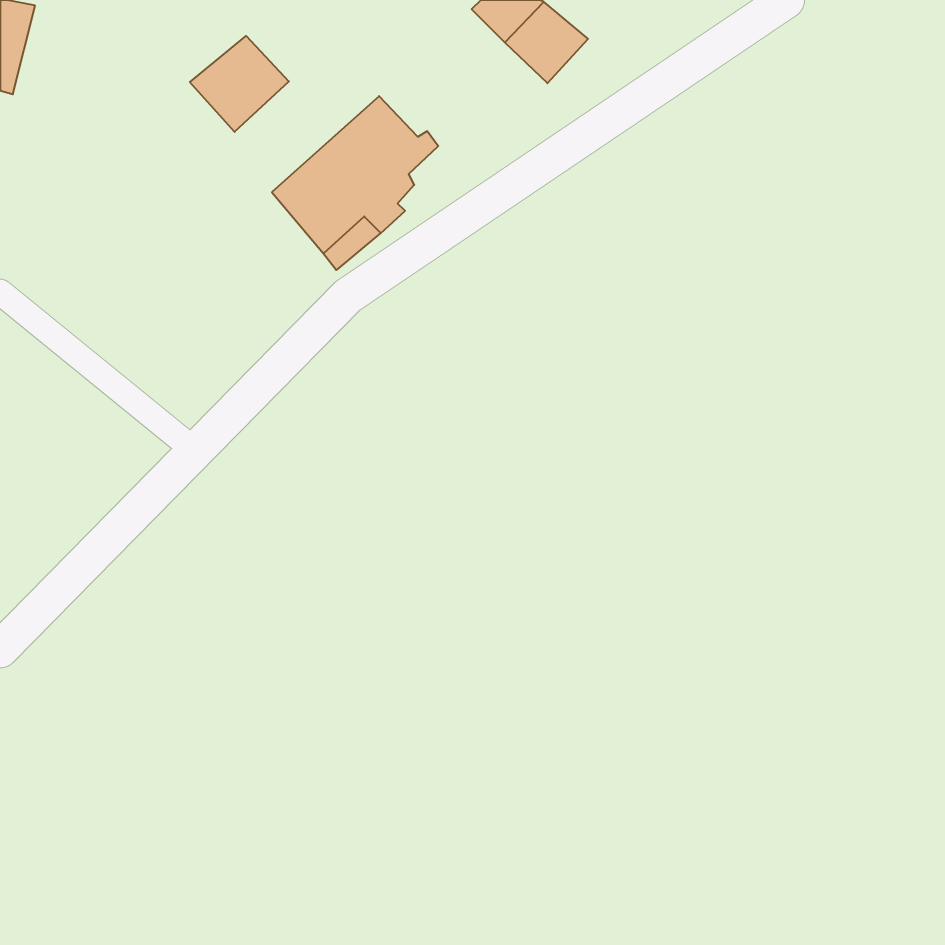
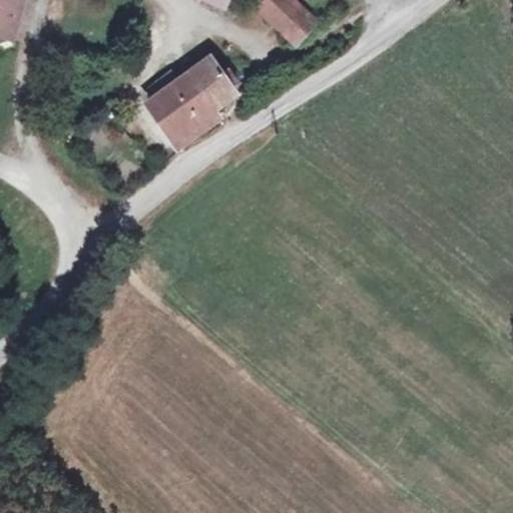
building: [190,36,289,132] -> none

